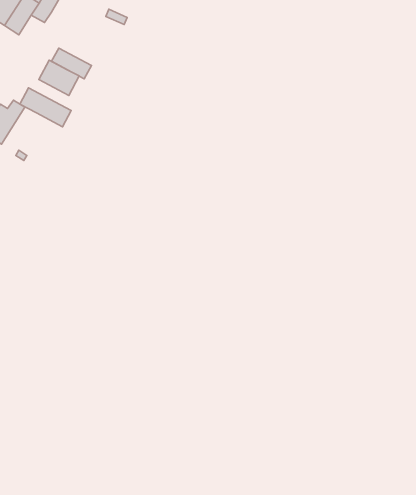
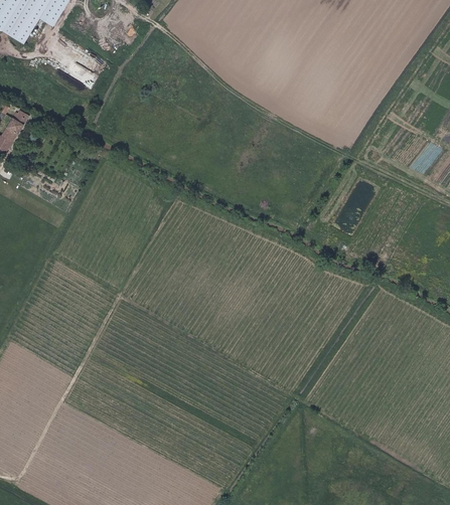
building: [39,60,79,95] -> none
building: [20,88,71,127] -> none

